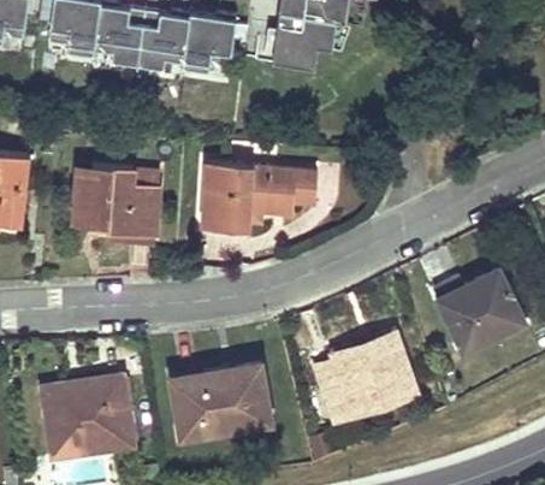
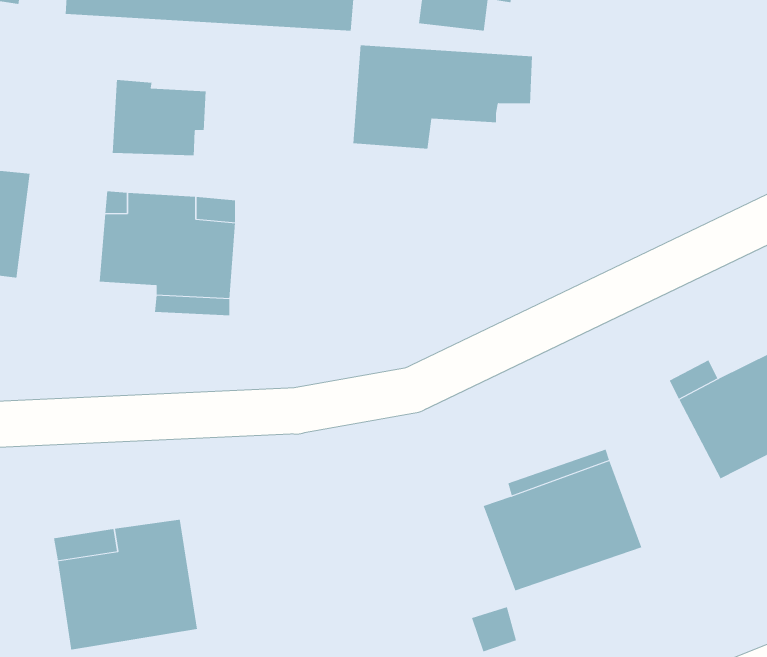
building: none -> [112,79,206,156]
building: [201,165,315,231] -> [352,45,533,149]
building: [172,363,273,439] -> none

